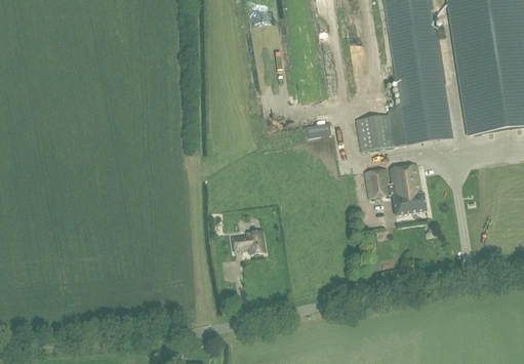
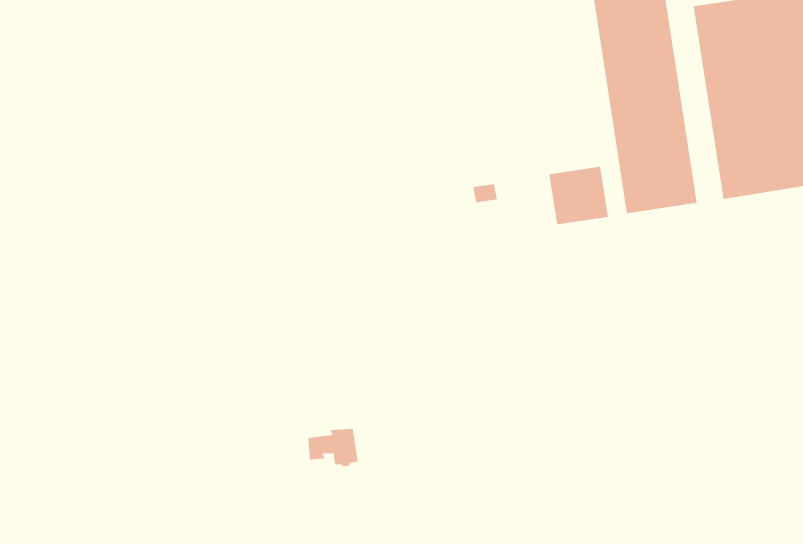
building: [364,163,425,213] -> none
building: [232,230,265,254] -> [308,428,358,466]

